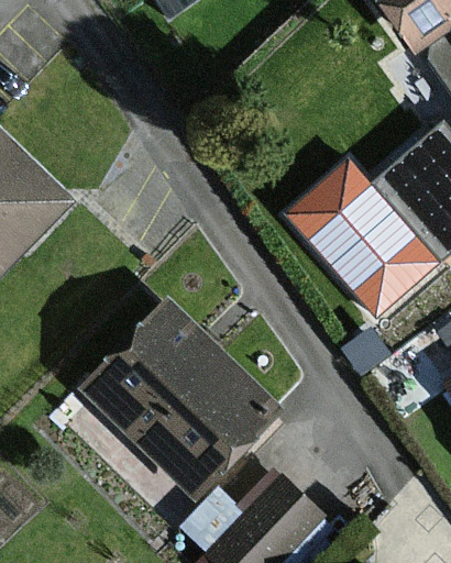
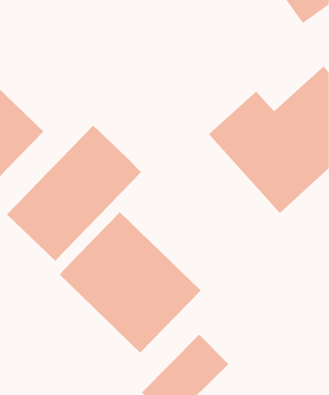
building: none -> [6,125,142,262]

